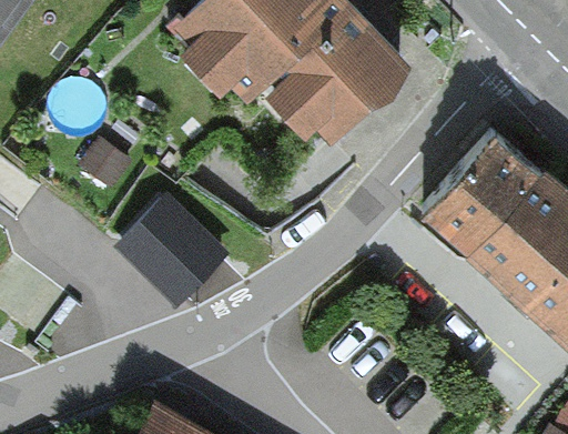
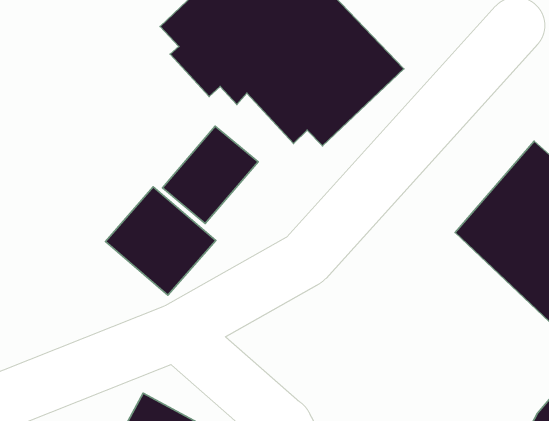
building: [420,112,546,243] -> none
building: none -> [162,126,258,223]

